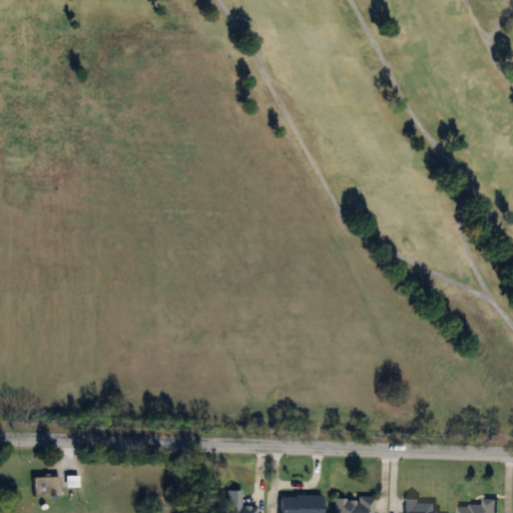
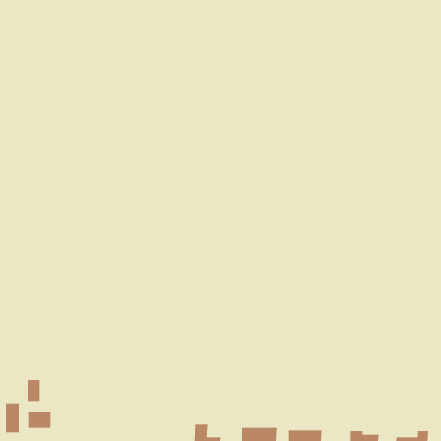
building: none -> [28,379,40,402]
building: none -> [5,403,19,433]

